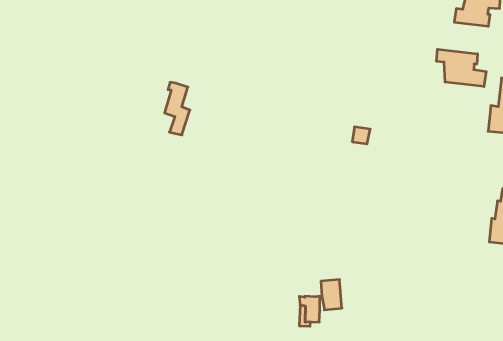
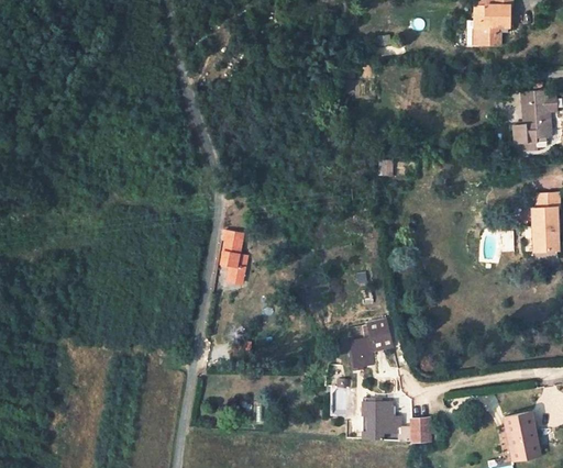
building: [437,49,486,87] -> none
building: [165,82,190,135] -> [223,231,249,282]

